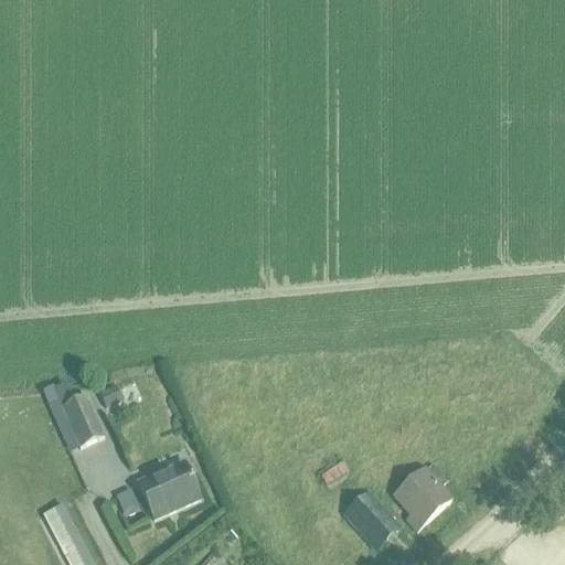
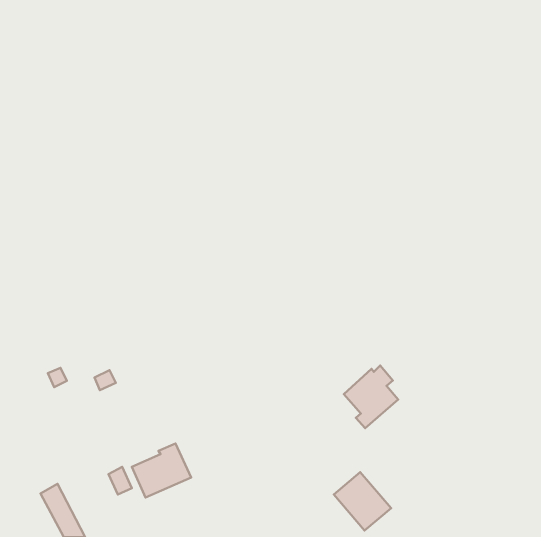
building: [60,394,103,445] -> none
building: [393,463,449,529] -> [344,366,398,428]

